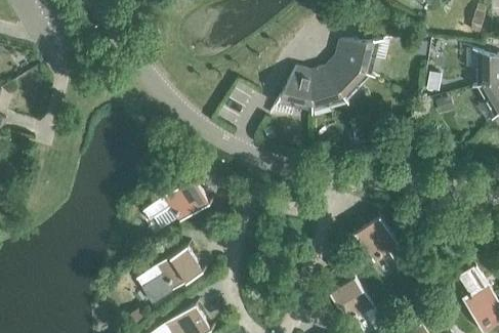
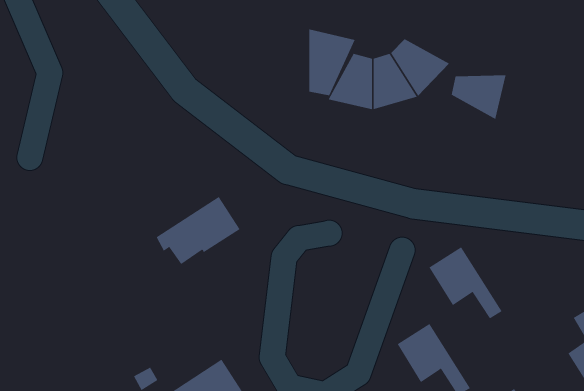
building: [336,39,379,74] -> [451,75,506,120]
building: none -> [309,29,355,96]
building: [136,244,203,302] -> none

